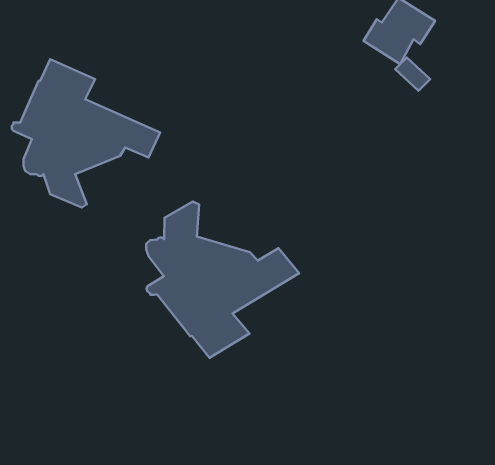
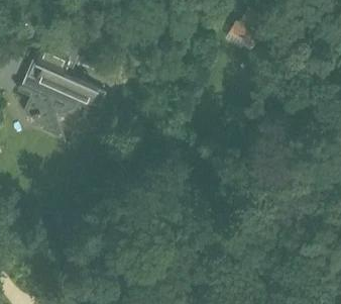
building: [146,201,299,358] -> none

